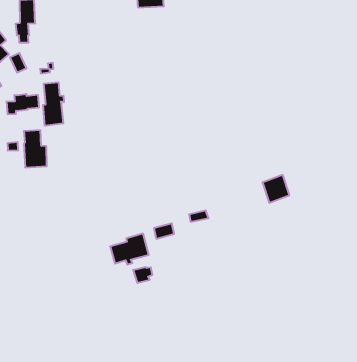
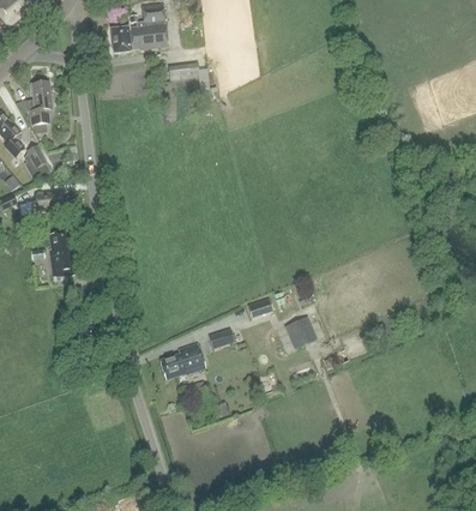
building: [43,82,64,126] -> none
building: [262,175,289,203] -> [283,314,315,348]

